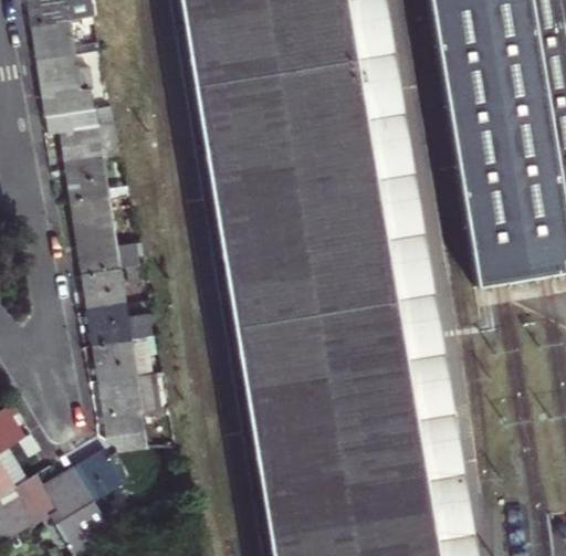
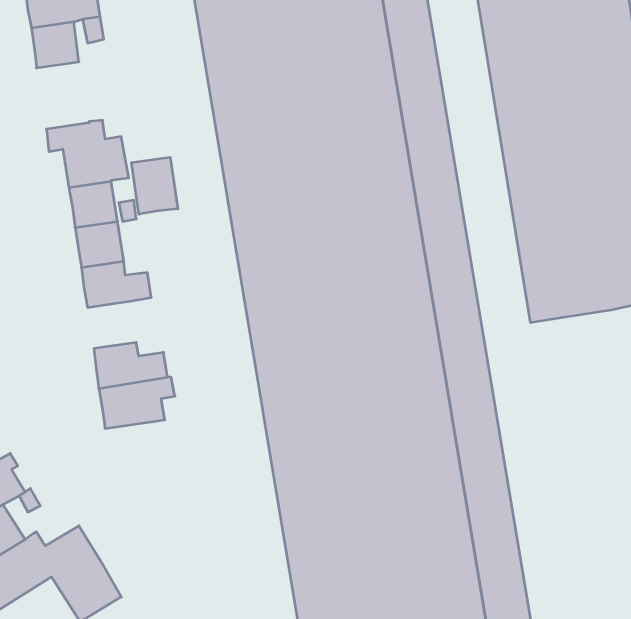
building: [38,56,94,116] -> none
building: none -> [131,157,178,214]
building: [83,269,126,311] -> none
building: [98,373,160,451] -> none
building: [75,449,126,500] -> none

